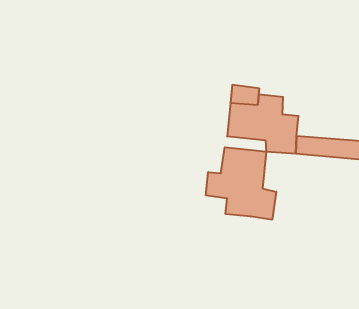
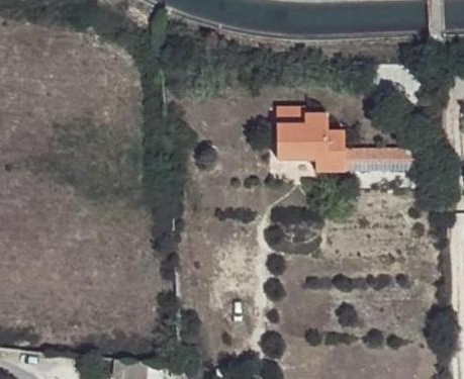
building: [206,147,276,220] -> none

